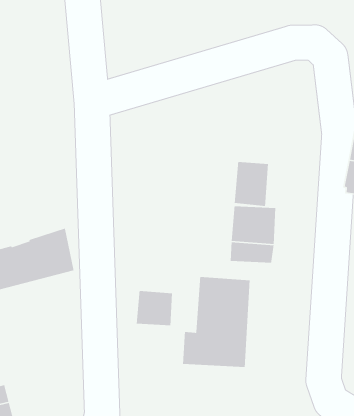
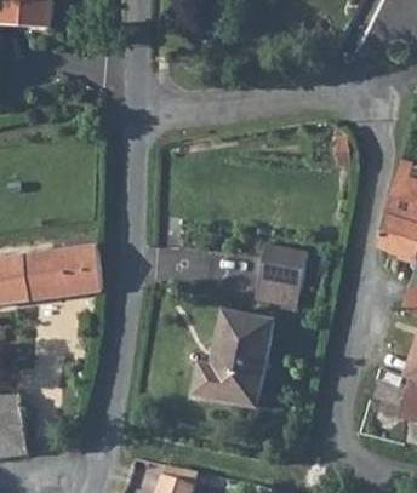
building: [234,161,269,207] -> none
building: [136,290,173,326] -> none

